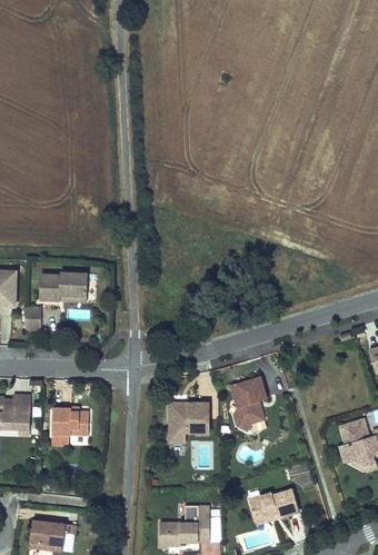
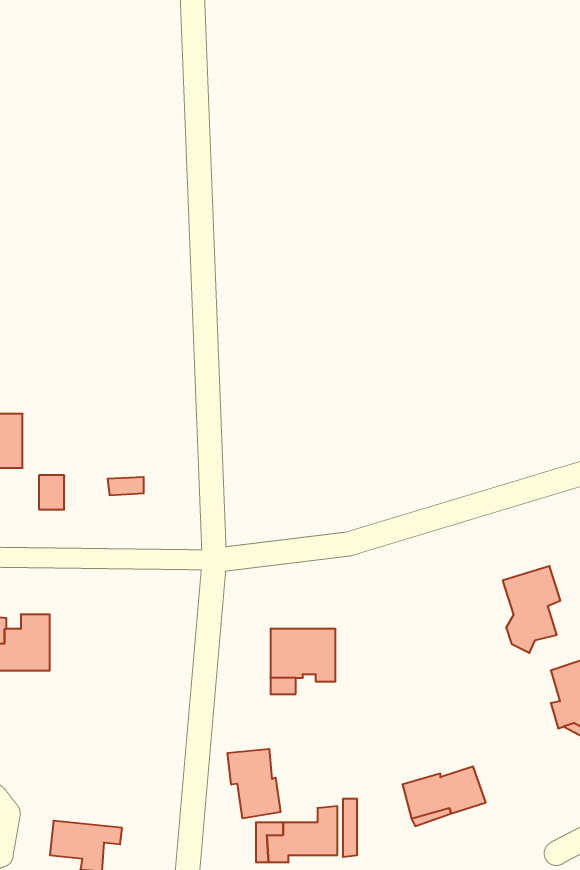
building: [41,270,89,299] -> none
building: [230,376,266,429] -> [503,566,560,653]
building: [52,405,90,433] -> none
building: none -> [228,749,281,818]

